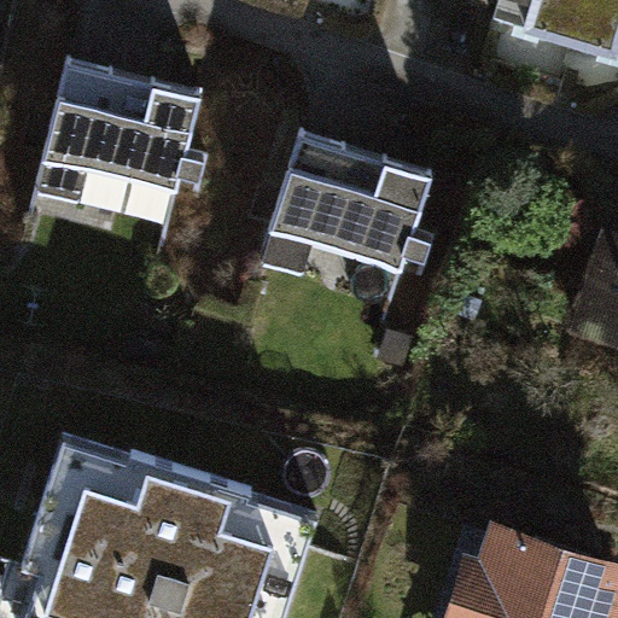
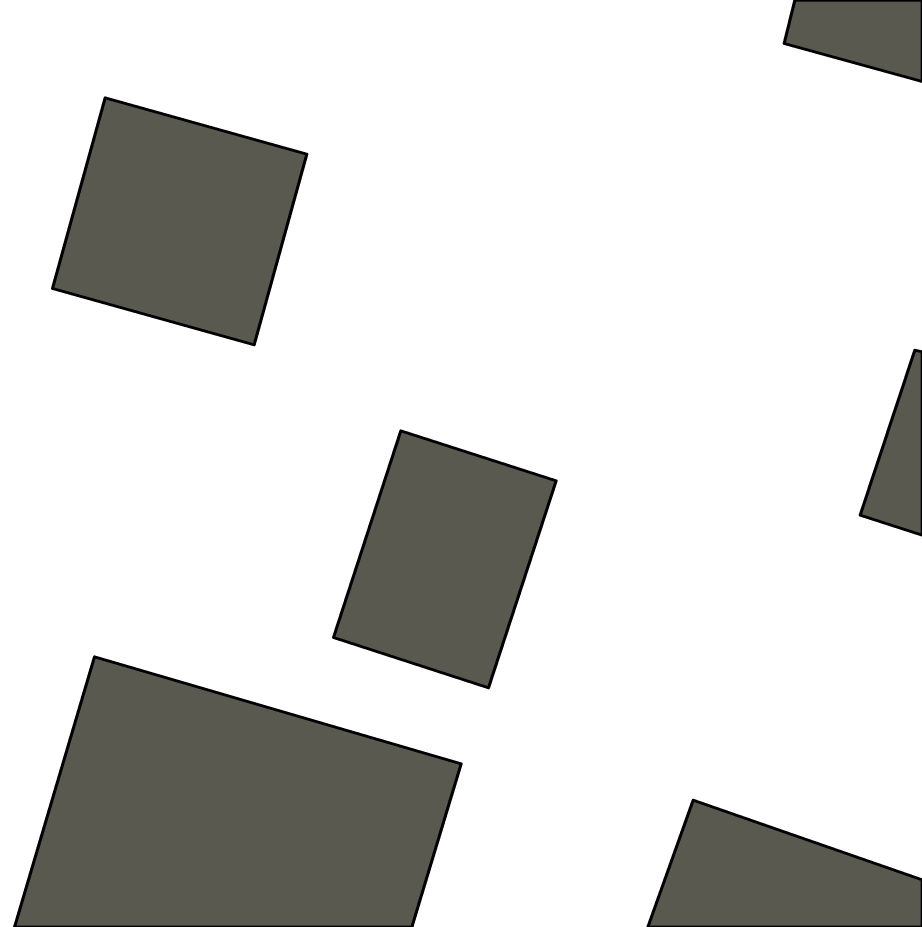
building: [269,147,433,293] -> none
building: none -> [333,431,556,688]

